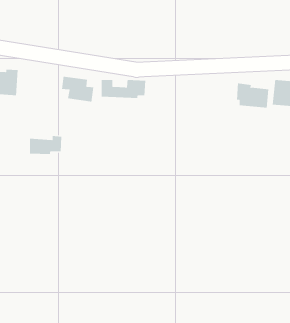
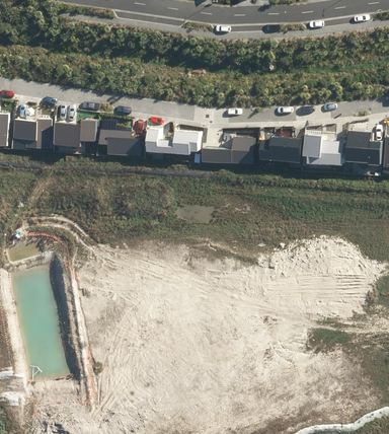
building: none -> [202,136,254,165]
building: none -> [260,136,302,161]
building: [29,135,62,155] -> [57,122,95,144]

